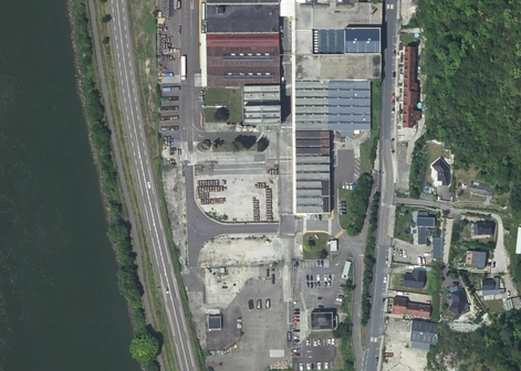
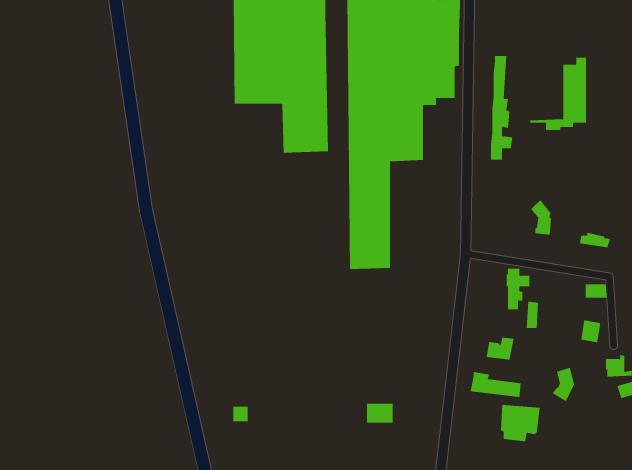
building: [326,81,371,137] -> [529,57,587,130]

